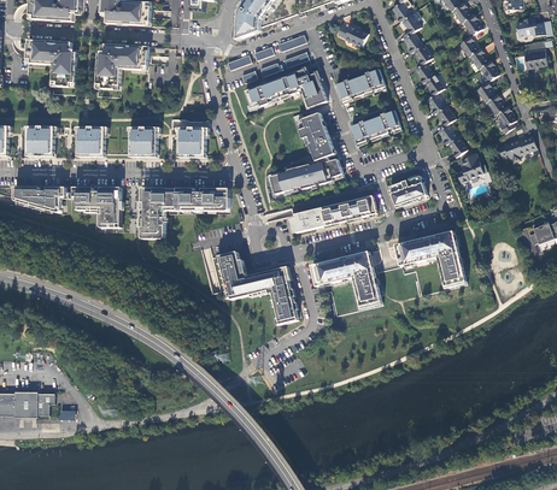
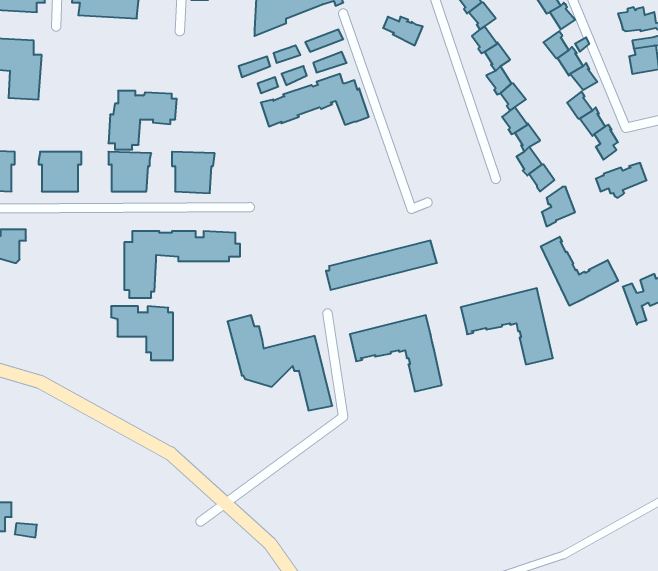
building: [95,45,147,89] -> [108,91,177,150]
building: [334,66,382,100] -> none
building: [348,108,398,142] -> none
building: [269,112,341,193] -> none
building: [388,173,426,203] -> none
building: [71,185,118,226] -> [111,306,173,360]
building: none -> [541,237,618,306]

